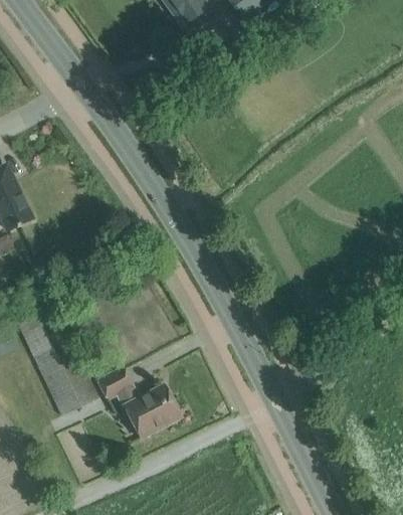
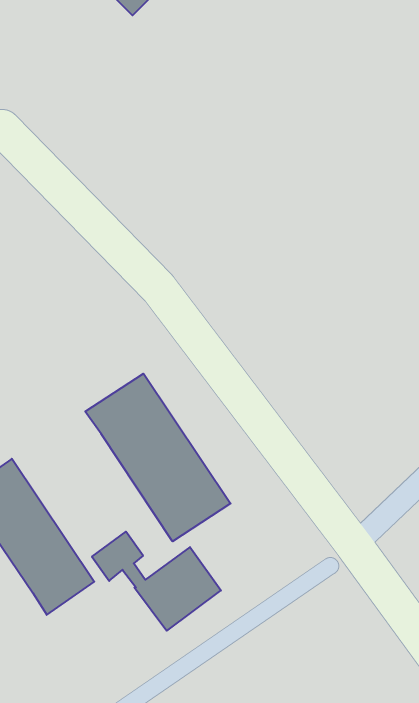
building: none -> [85,374,231,541]

